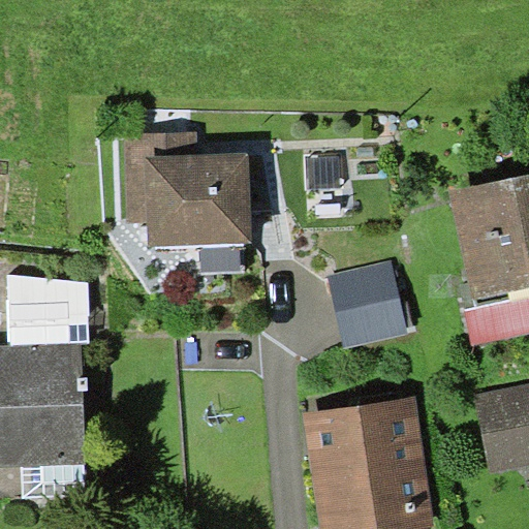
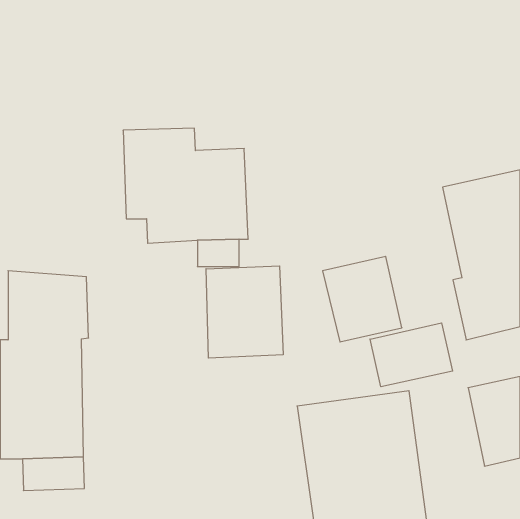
building: none -> [206,266,283,358]
building: none -> [370,323,453,387]

